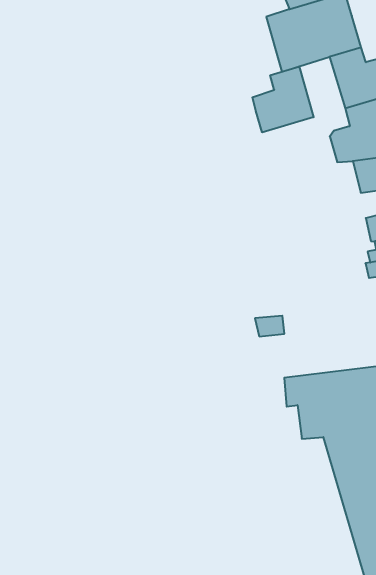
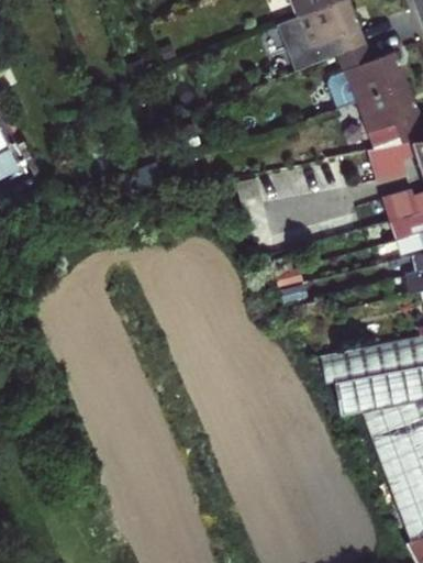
building: [252,66,314,132] -> none

